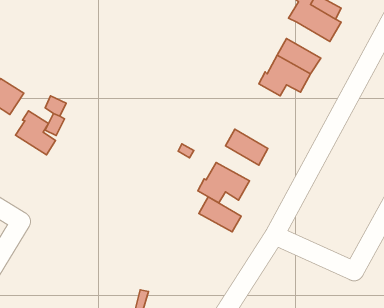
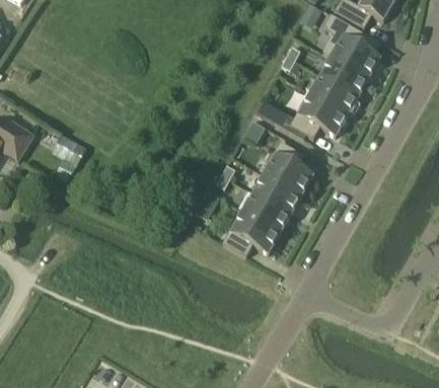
building: none -> [320,56,368,95]
building: none -> [264,140,312,195]
building: [16,111,56,155] -> none
building: [199,197,241,232] -> [243,191,290,230]

